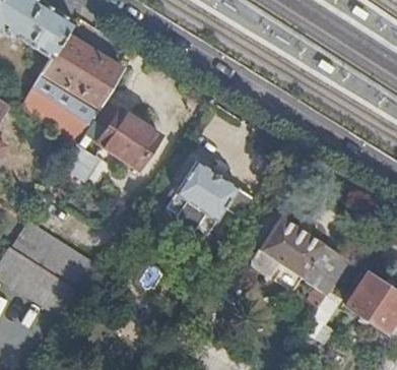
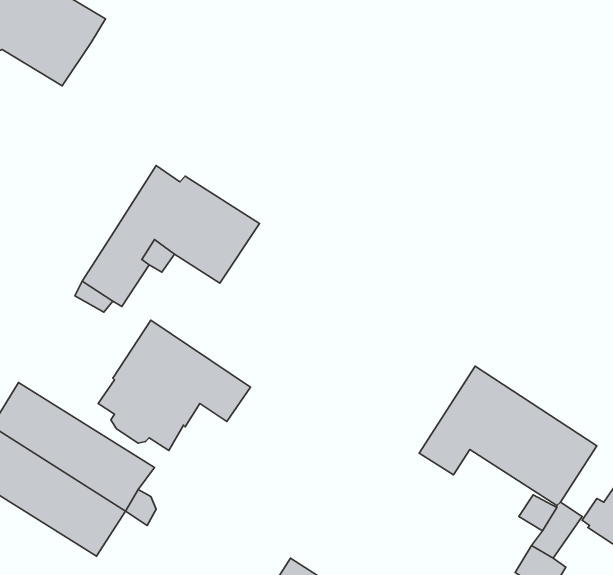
building: [21,34,123,142] -> none
building: [168,160,253,233] -> [98,320,251,450]

